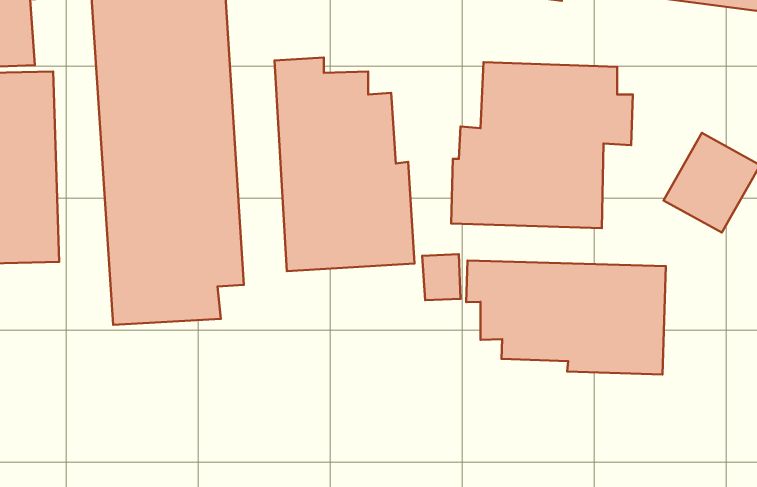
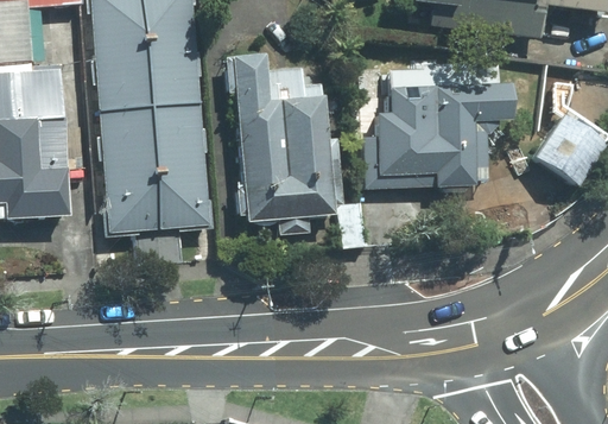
building: [466,260,666,375] -> none

